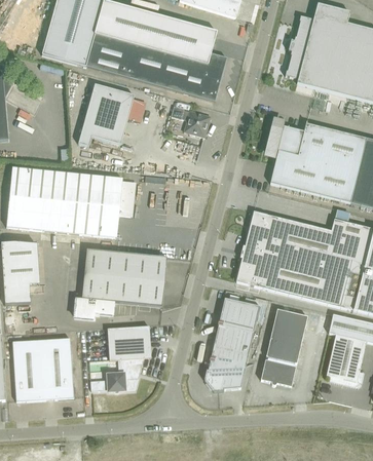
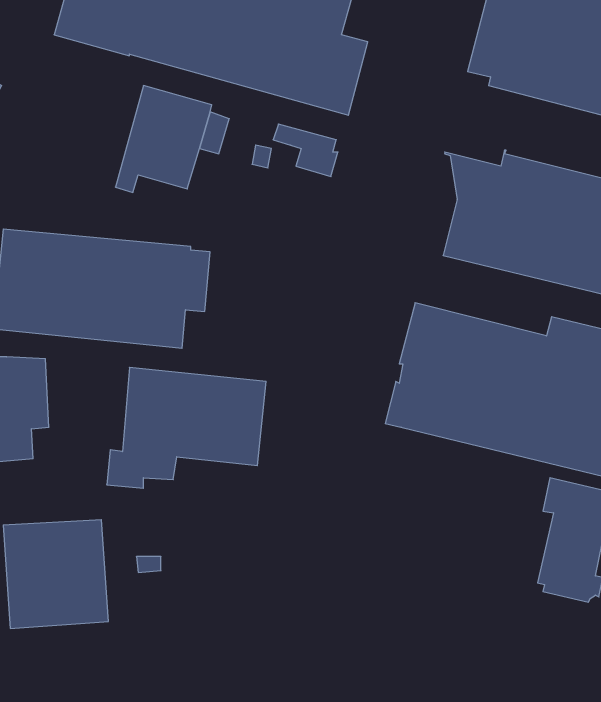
building: [204,297,260,390] -> none
building: [261,307,307,384] -> none
building: [90,324,150,390] -> none

